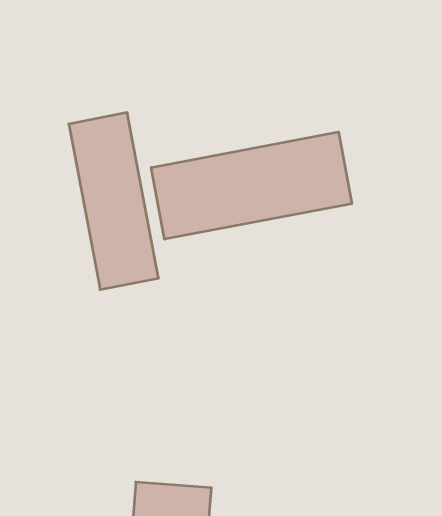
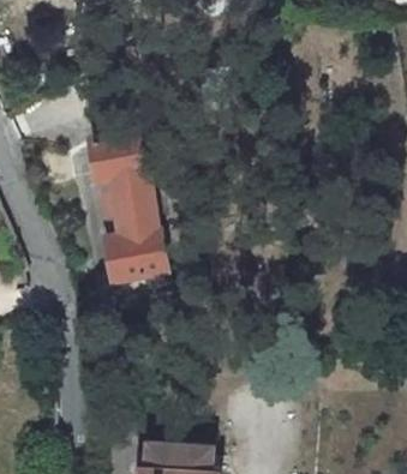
building: [151,132,352,239] -> none

